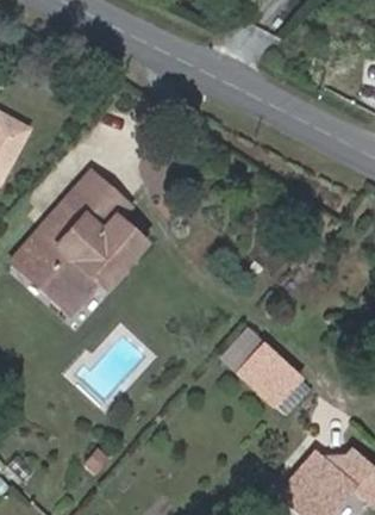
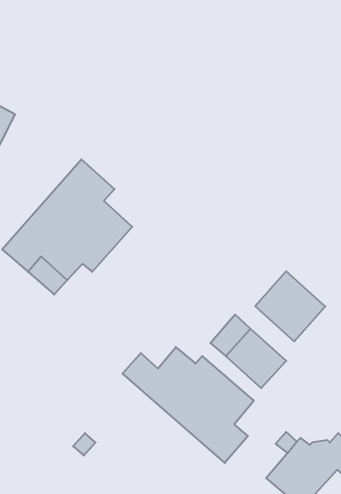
building: none -> [255,271,325,341]
building: none -> [123,347,254,463]

